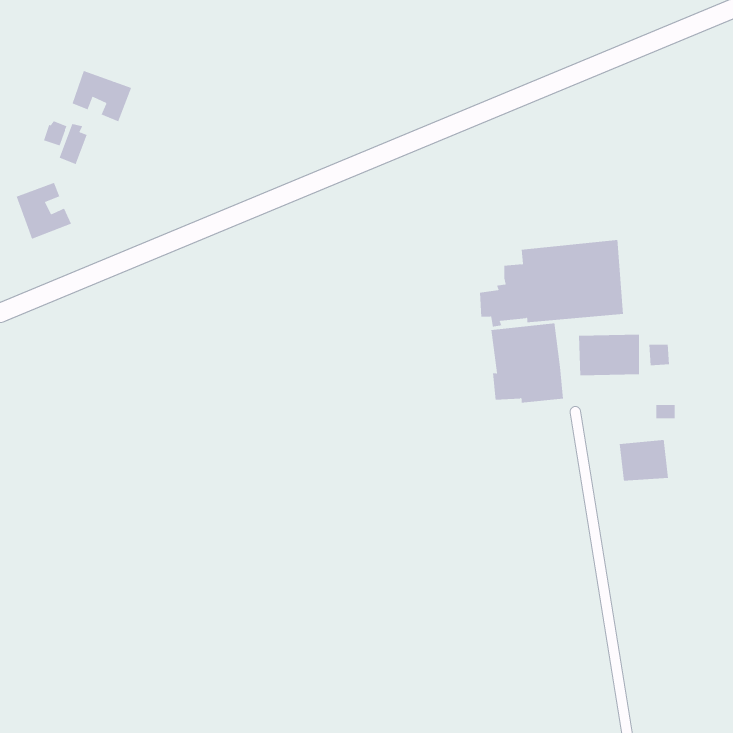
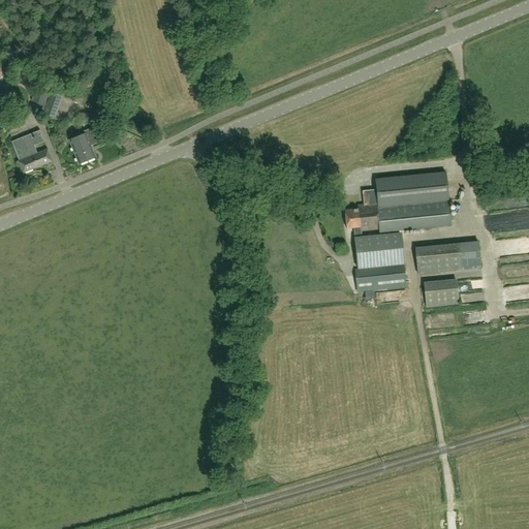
building: [72,70,132,122] -> none
building: none -> [68,128,99,164]
building: [619,440,669,481] -> [423,277,459,307]

